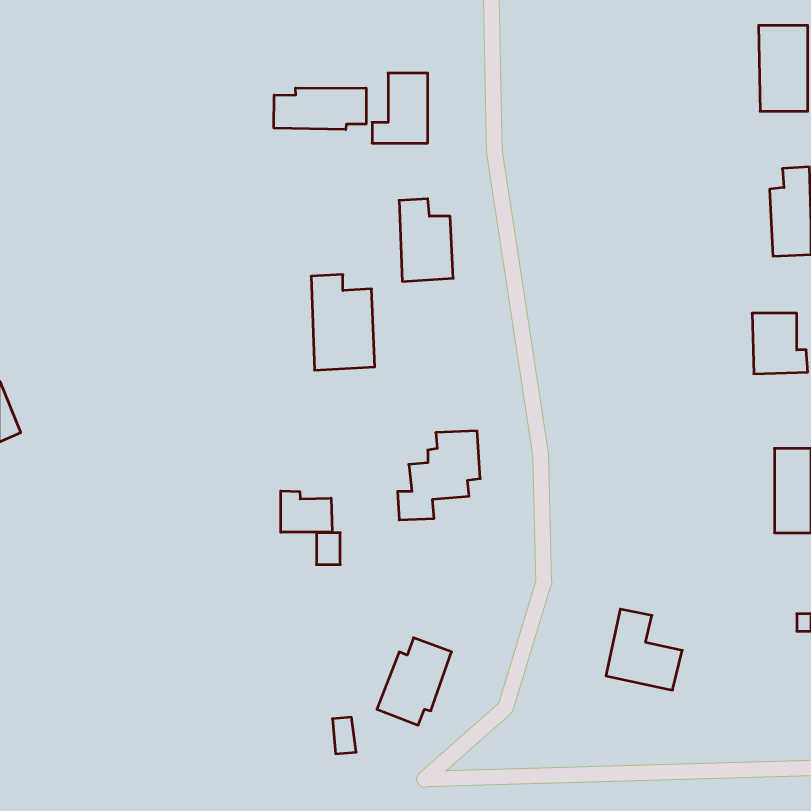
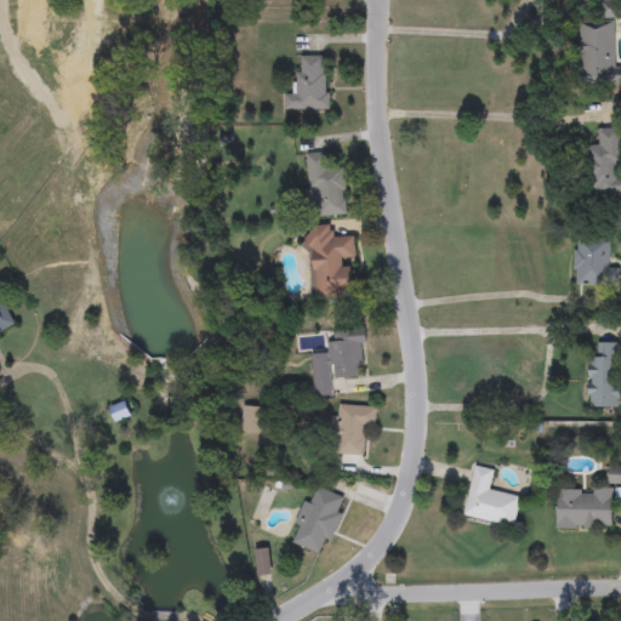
building: [274,88,366,130] -> none
building: [311,275,375,370] -> [307,224,355,297]
building: [281,491,332,532] -> none
building: none -> [335,404,376,456]
building: none -> [554,488,613,529]

